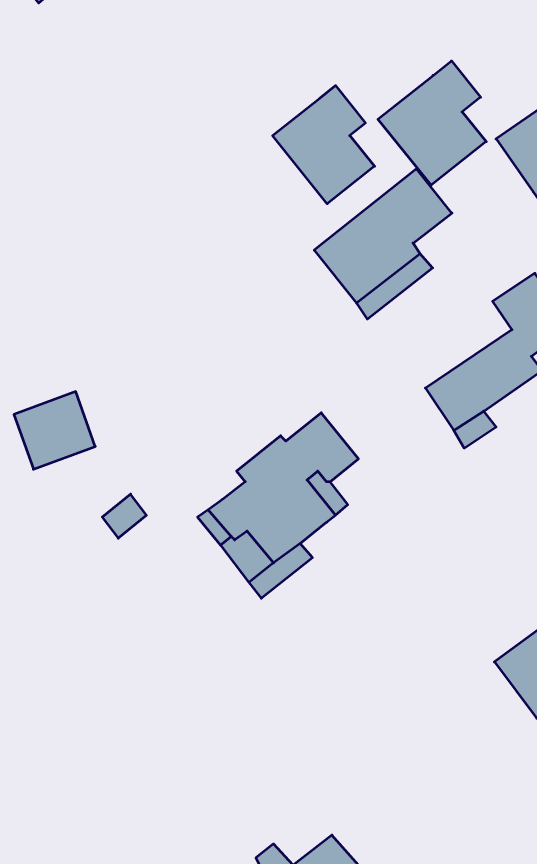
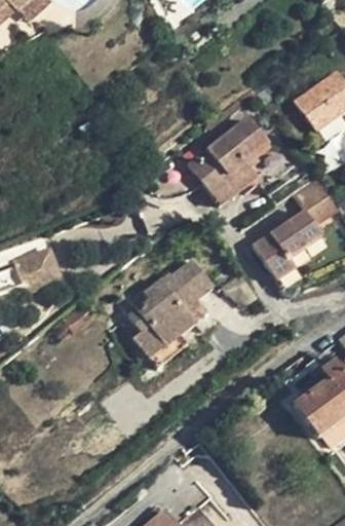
building: [378,61,486,185] -> none
building: [273,86,375,204] -> none

